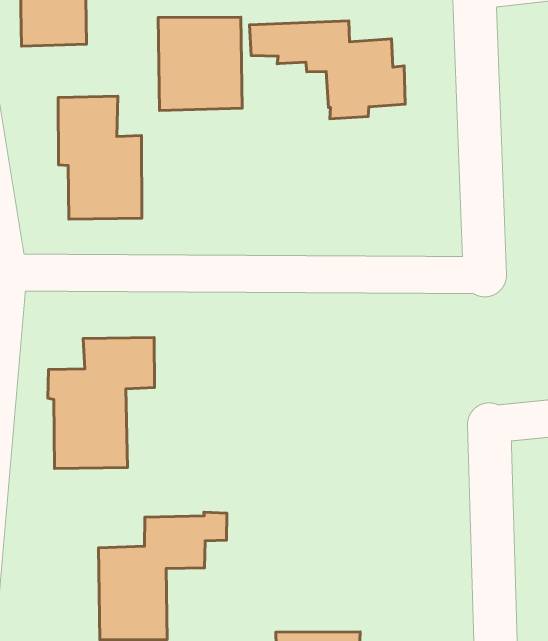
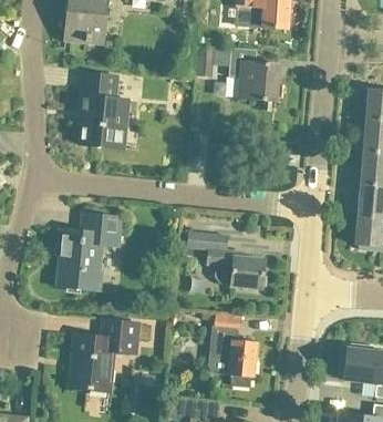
building: [158,17,242,110] -> none
building: none -> [187,231,266,289]
building: none -> [208,313,256,388]

